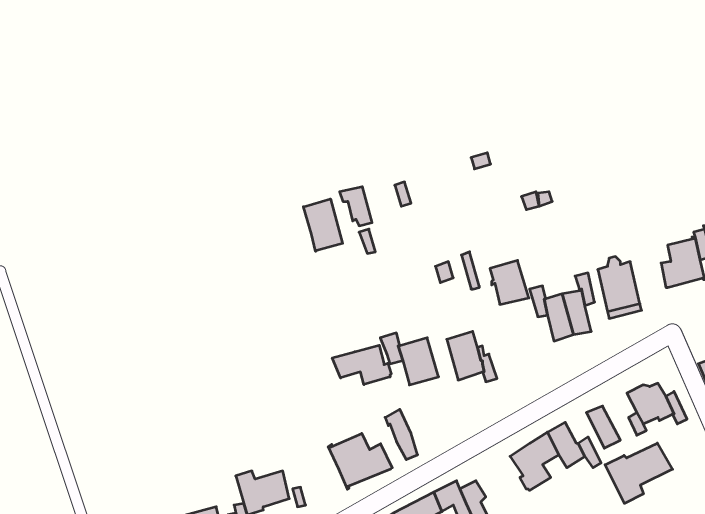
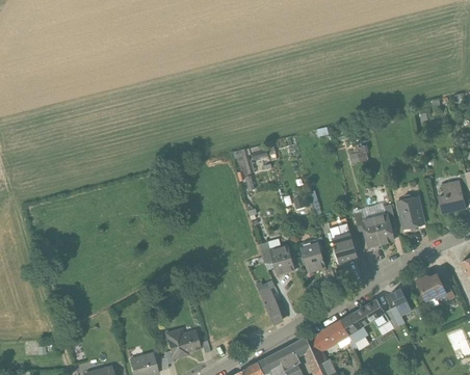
building: [303,199,343,251] -> none
building: [490,260,529,304] -> [333,234,358,262]
building: [332,345,391,385] -> none
building: [328,433,392,489] -> none
building: [605,443,673,503] -> none
building: none -> [318,321,349,347]

